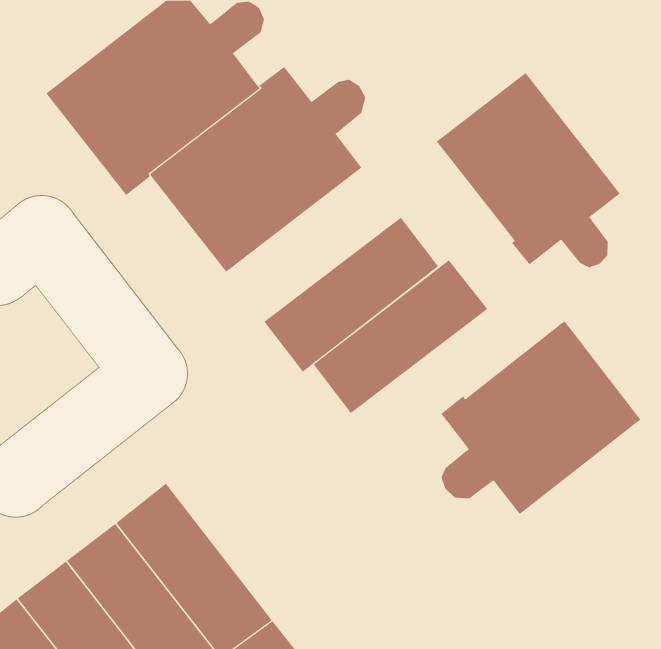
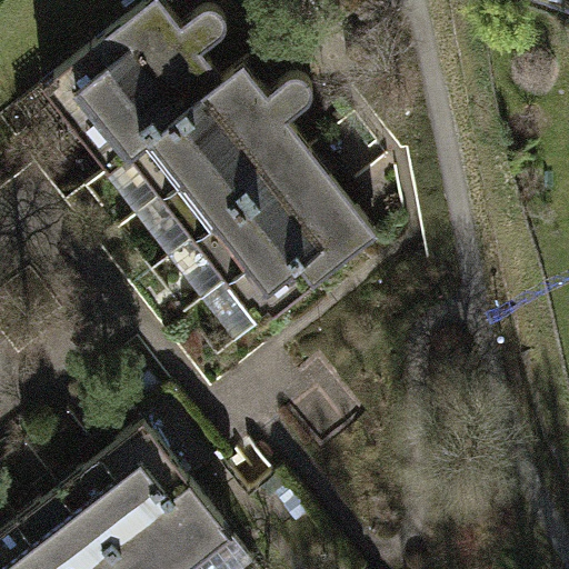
building: [436,72,621,268] -> none
building: [313,259,488,414] -> [193,156,343,288]
building: [441,321,641,515] -> none

